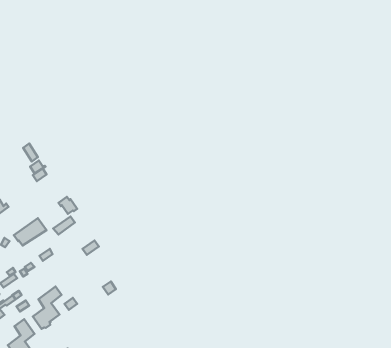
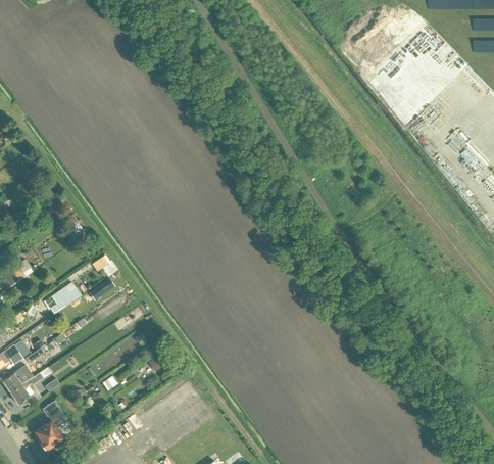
building: [33,286,62,329] -> none

